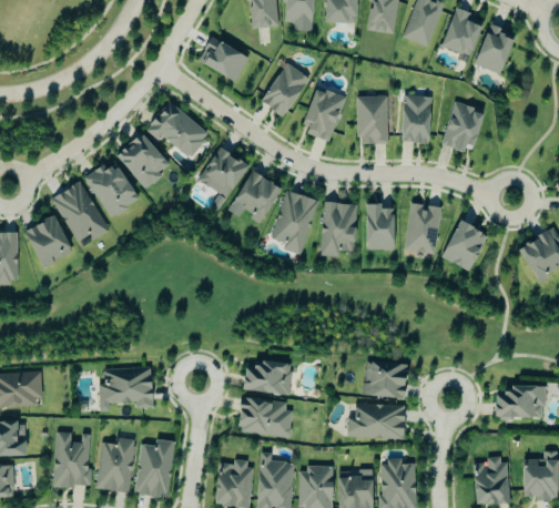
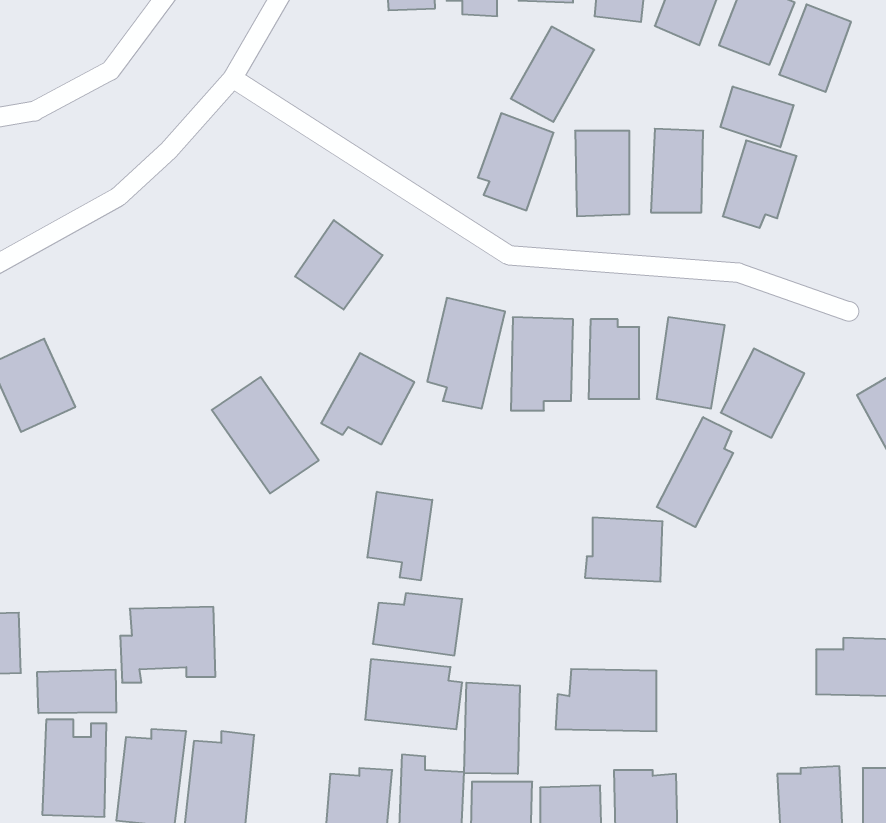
building: [197,37,248,81] -> none
building: [261,62,308,116] -> [511,27,594,122]
building: none -> [720,86,794,147]
building: [149,100,210,159] -> none
building: [115,131,171,187] -> none
building: [83,159,138,217] -> none
building: [227,170,281,222] -> [321,353,414,444]
building: [50,180,111,246] -> [212,377,319,493]
building: none -> [657,417,733,527]
building: none -> [367,492,432,580]
building: [362,360,406,397] -> [585,518,663,582]
building: none -> [37,670,116,713]
building: none -> [464,683,520,774]

